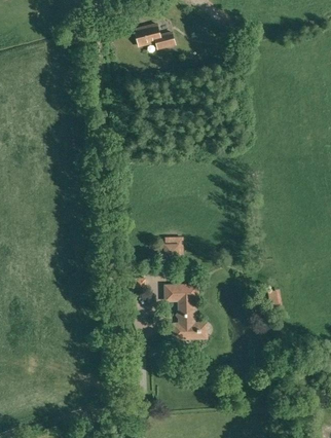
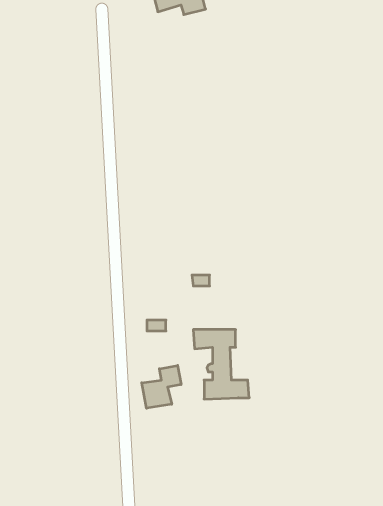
building: none -> [142,365,181,408]

